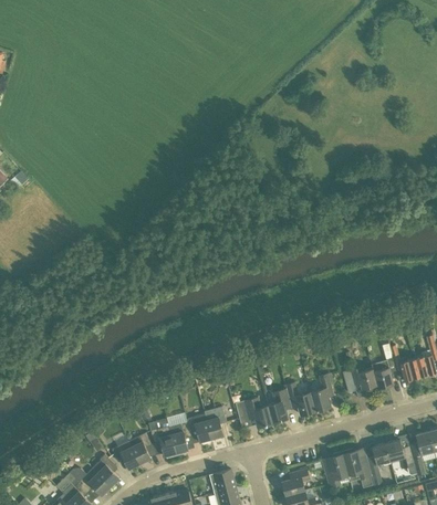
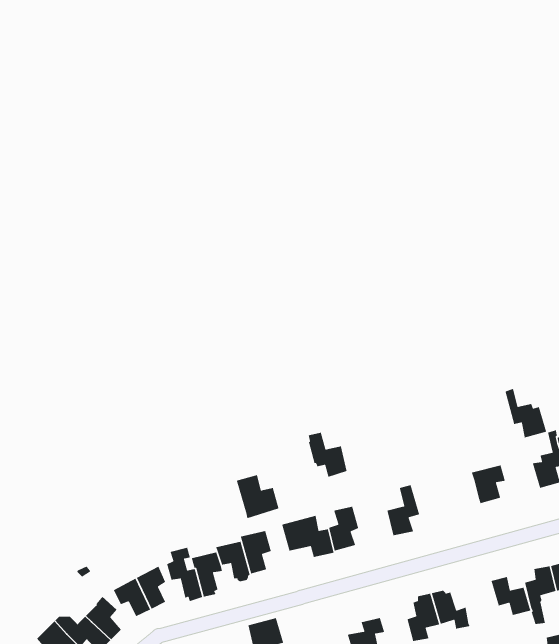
building: [389,346,420,382] -> [504,388,547,438]
building: none -> [236,474,280,519]
building: [343,368,376,393] -> none
building: [285,383,314,417] -> [308,432,348,478]
building: [366,444,391,475] -> none

